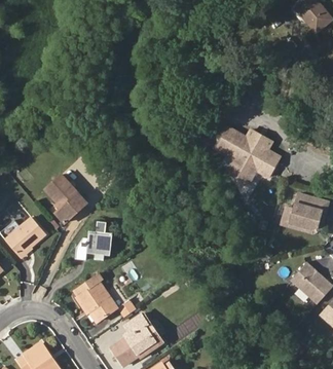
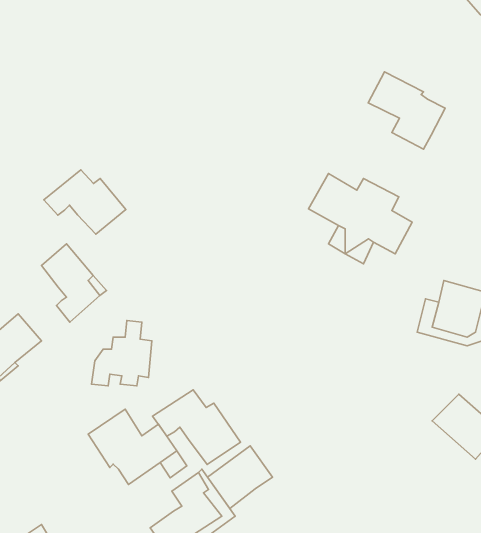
building: none -> [368,72,445,149]
building: none -> [44,170,126,234]
building: none -> [153,390,240,464]
building: none -> [207,446,273,509]

